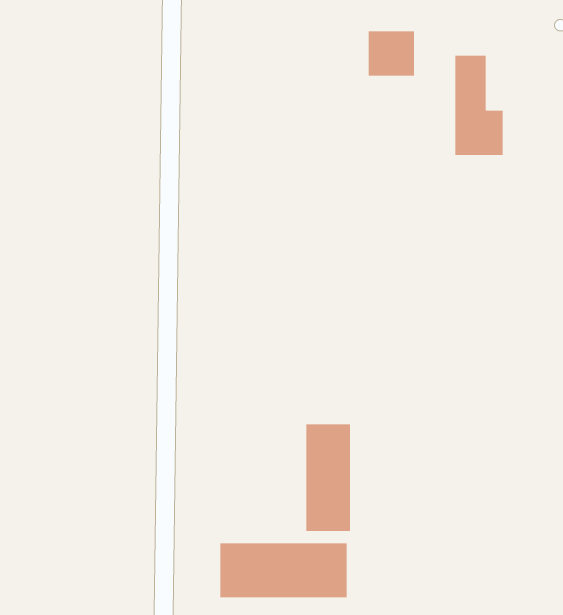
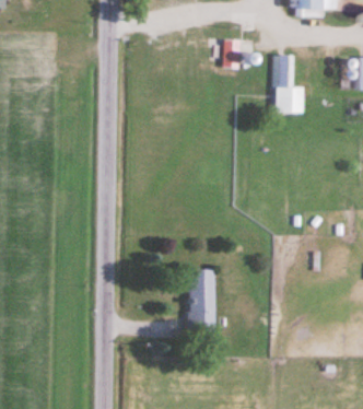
building: [220,543,347,598] -> none

